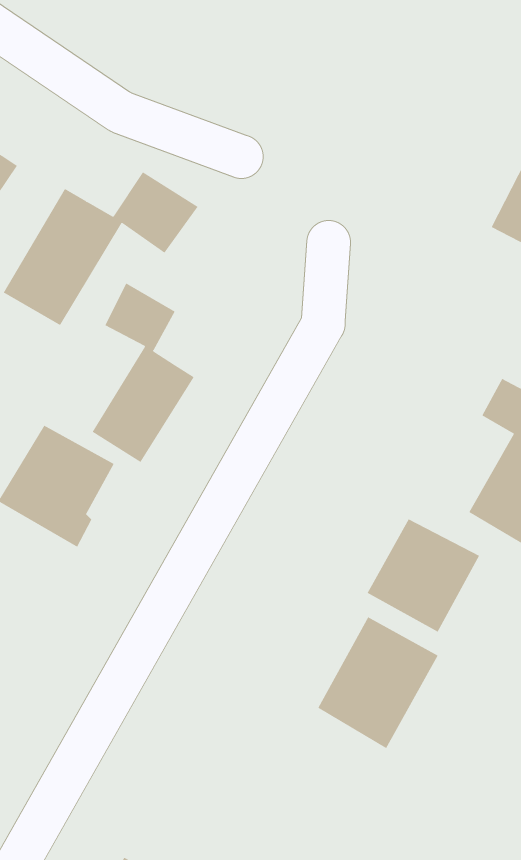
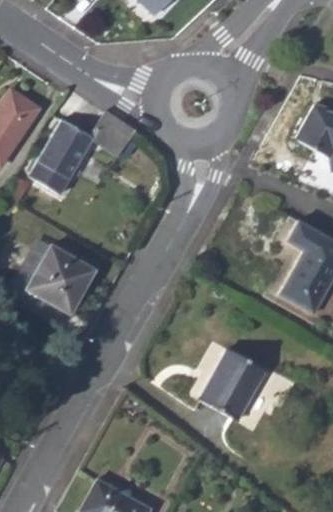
building: [92,282,195,463] -> none
building: [367,518,480,633] -> none

